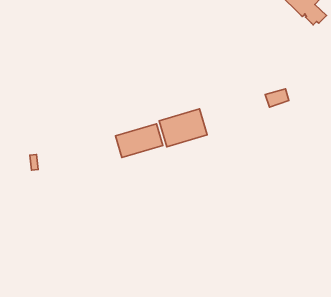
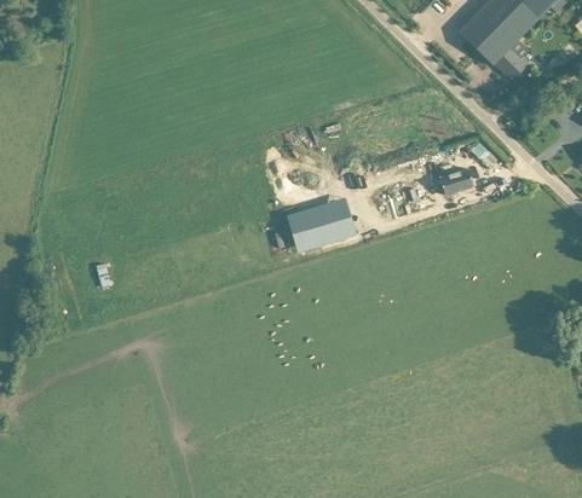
building: [115,124,163,157] -> none

